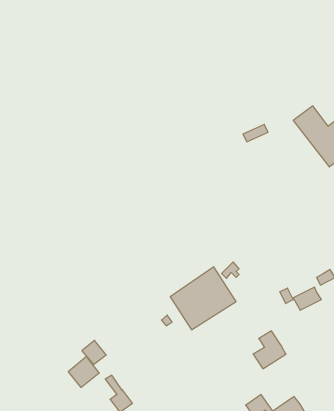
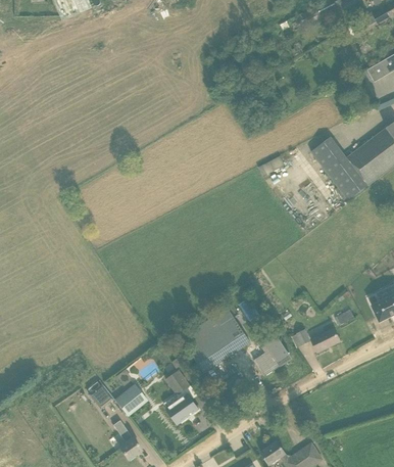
building: none -> [165,370,199,425]
building: [253,331,286,369] -> [253,335,288,375]
building: [68,356,99,387] -> [114,383,147,416]

